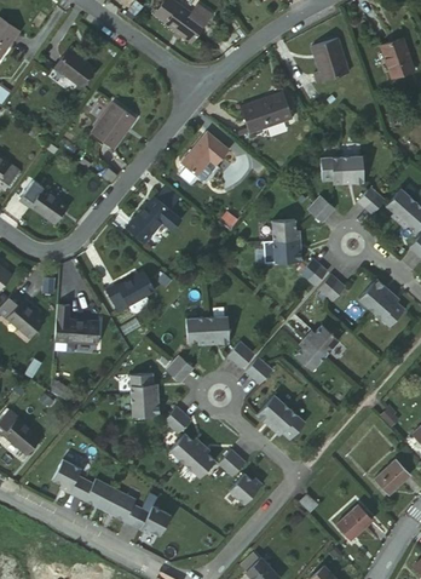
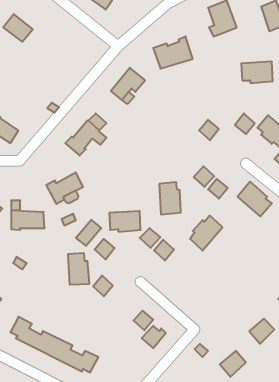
building: [90,104,131,149] -> none
building: [321,155,363,184] -> [241,62,273,83]
building: [272,219,301,263] -> [159,182,181,214]
building: none -> [76,220,101,246]
building: [256,395,306,438] -> none
building: [171,434,217,477] -> none

